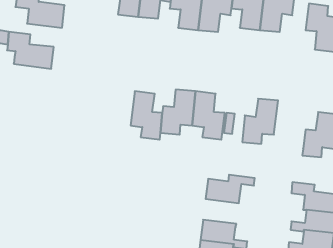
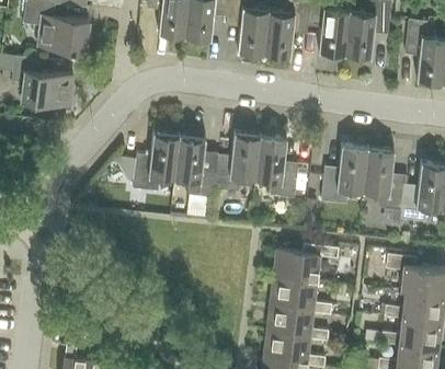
building: none -> [133,132,180,193]
building: none -> [363,148,406,228]
building: none -> [270,277,331,315]

